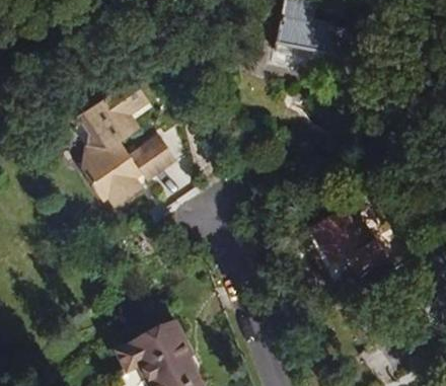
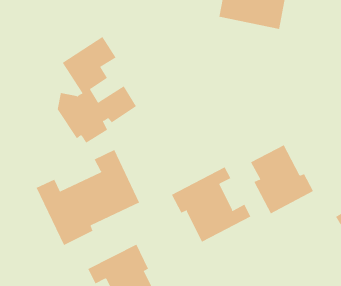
building: none -> [36,149,140,246]
building: none -> [171,167,251,242]

